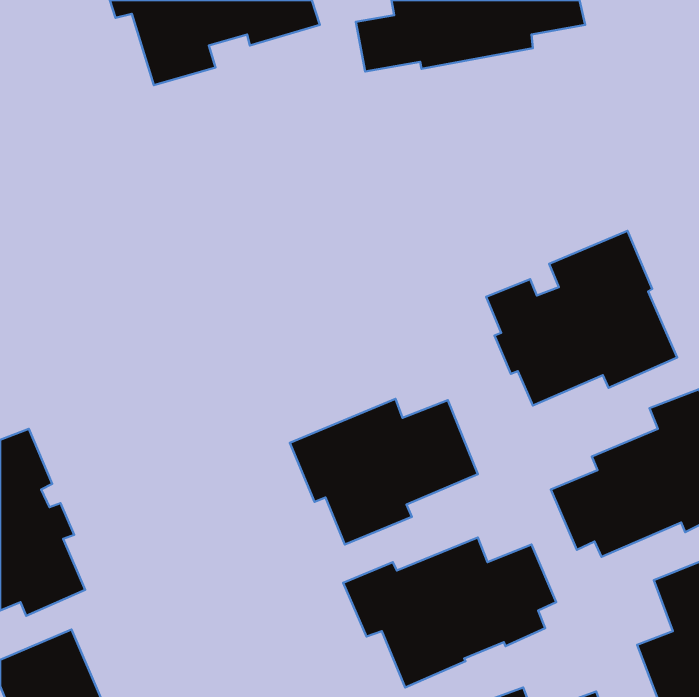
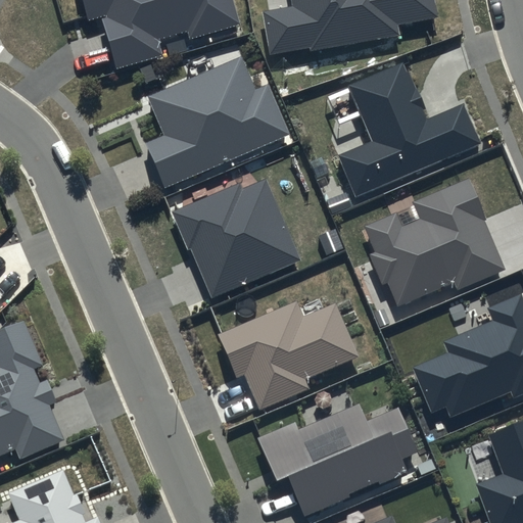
building: none -> [144,55,288,187]
building: none -> [344,70,478,199]
building: none -> [172,180,298,295]

